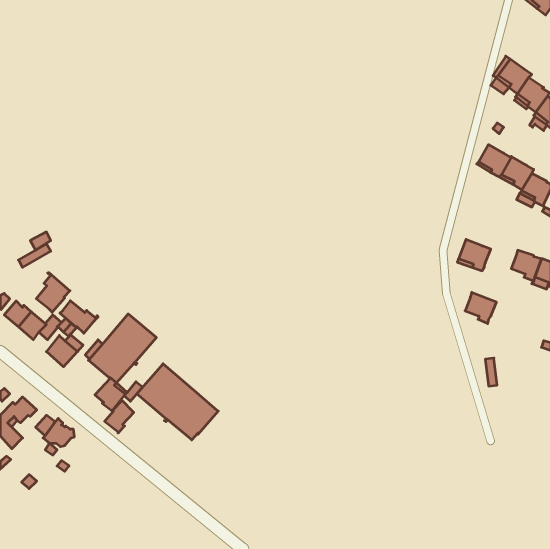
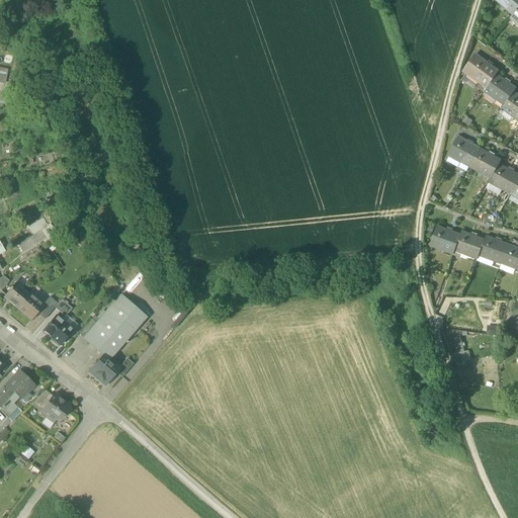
building: [36,273,70,312] -> none
building: [465,292,496,324] -> [456,230,486,259]
building: [60,301,98,333] -> none
building: [137,364,218,440] -> none
building: [105,401,133,433] -> none

